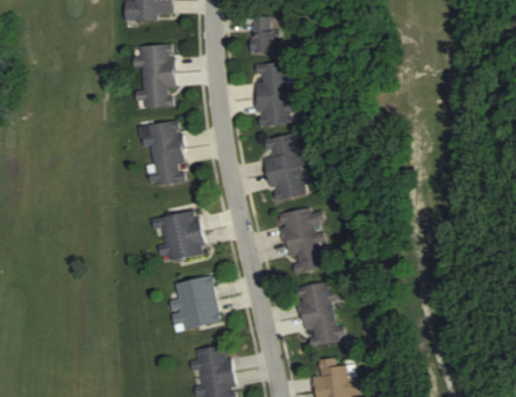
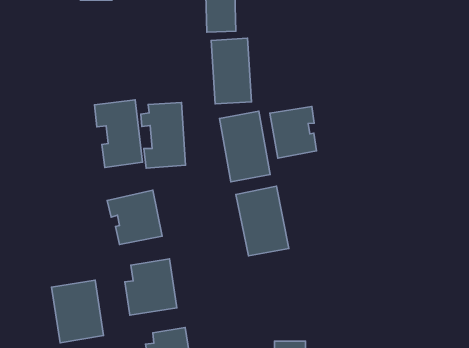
building: [132,45,176,109] -> [141,103,186,168]
building: none -> [270,107,317,158]
building: [298,282,346,348] -> none
building: none -> [52,280,104,343]

